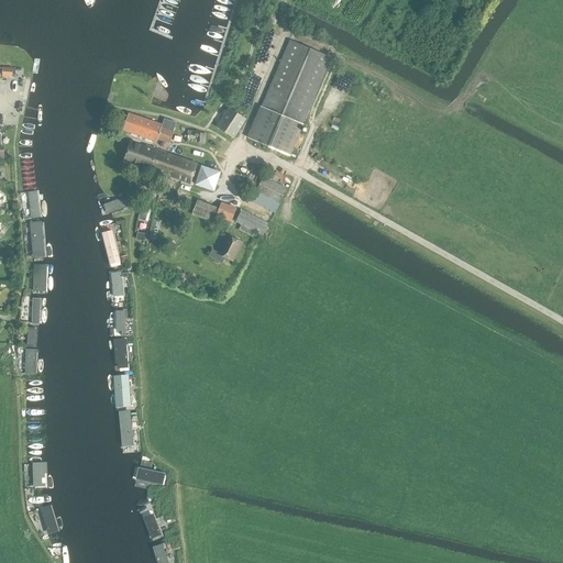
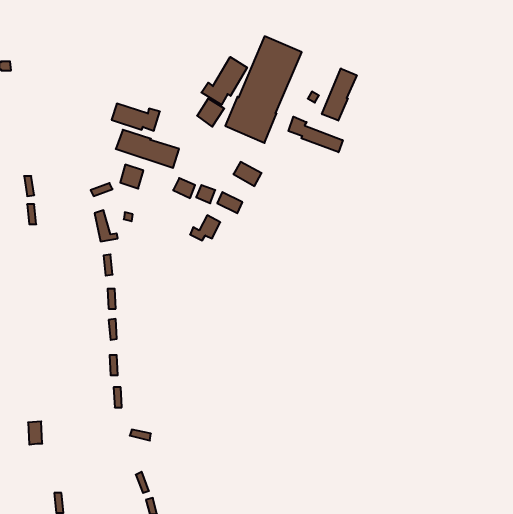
building: none -> [201,57,247,105]
building: none -> [322,68,357,121]
building: none -> [288,117,343,152]
building: [195,163,220,189] -> [120,165,143,189]

